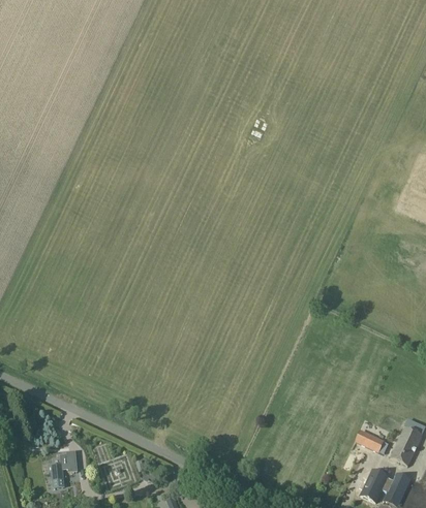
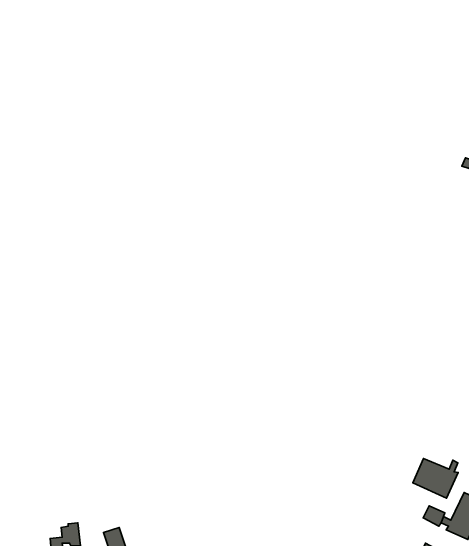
building: none -> [413,458,458,498]

